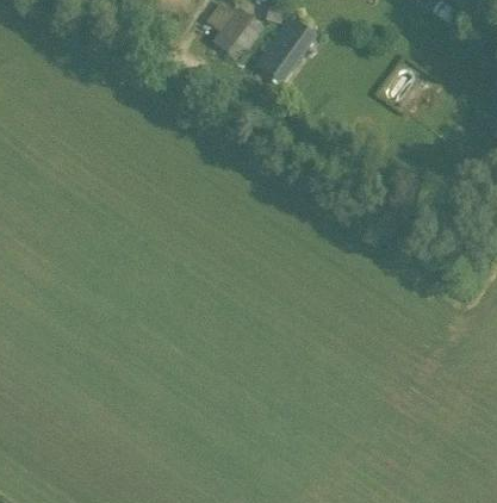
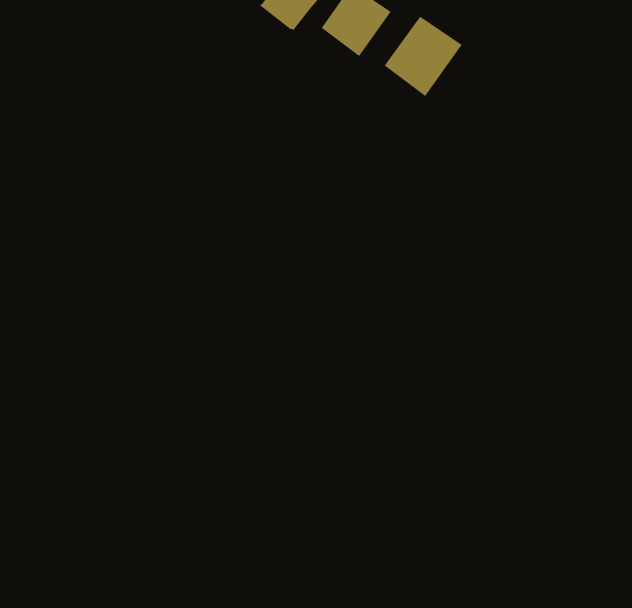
building: none -> [384,16,462,97]

